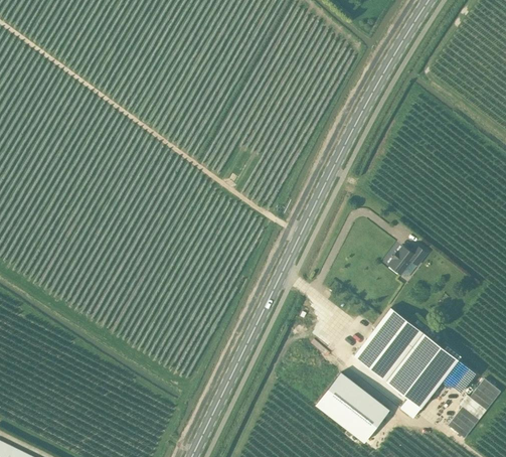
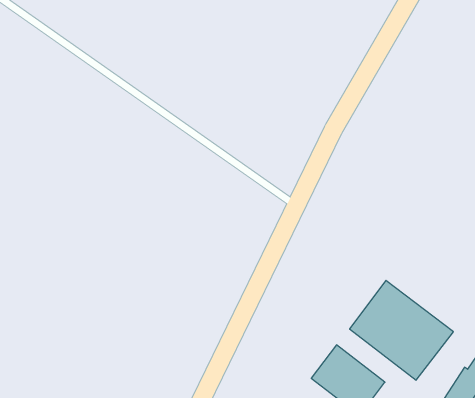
building: [388,246,427,275] -> none

